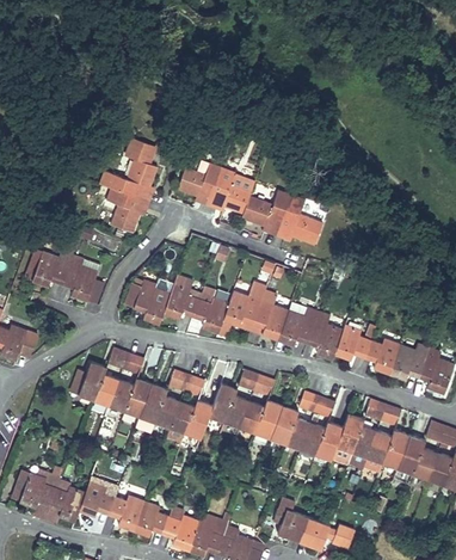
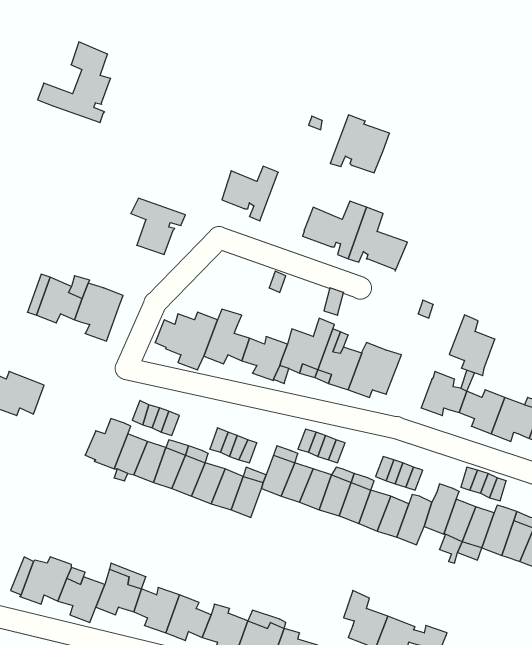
building: [100,139,158,202] -> [38,42,111,123]
building: [208,168,254,214] -> [330,115,390,173]
building: [307,312,343,359] -> [449,315,495,376]

